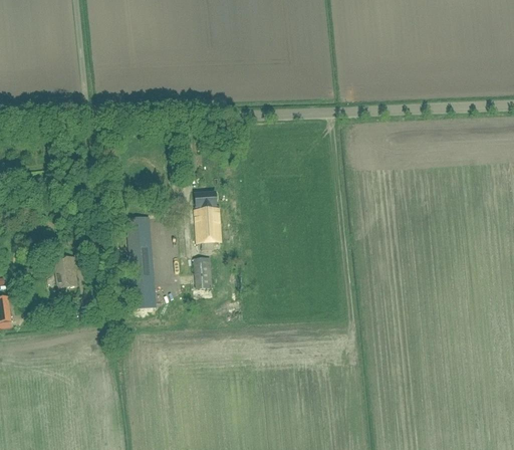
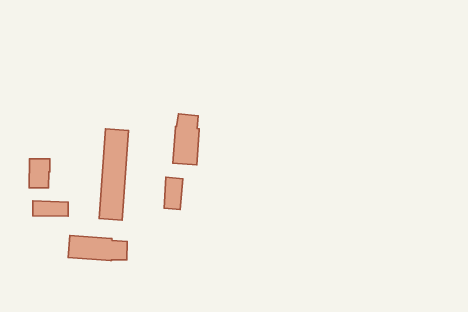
building: none -> [33,201,68,216]
building: none -> [68,236,127,261]

